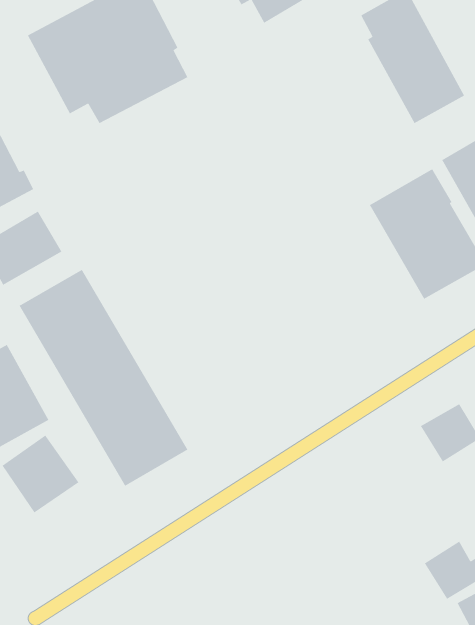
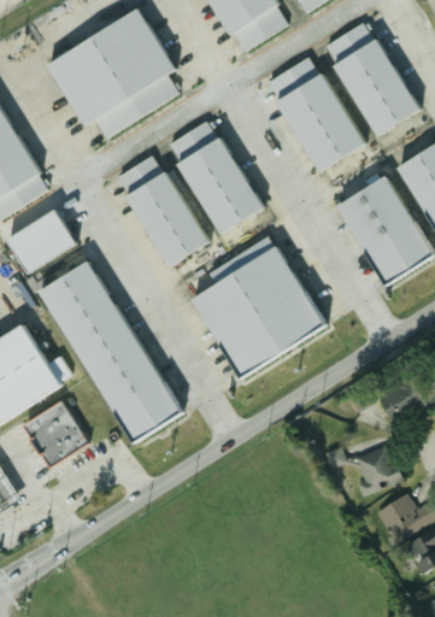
building: none -> [270,55,364,172]
building: none -> [171,119,261,235]
building: none -> [118,152,210,266]
building: none -> [190,235,325,378]
building: none -> [358,443,405,493]

